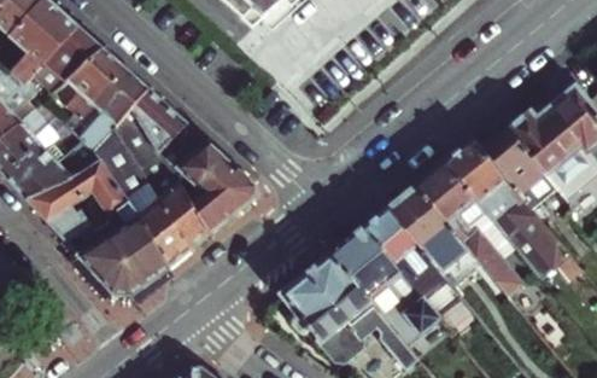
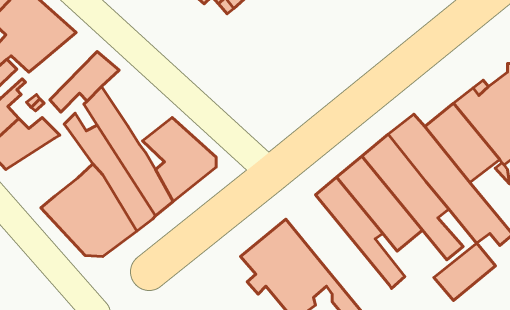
building: [63,46,124,120] -> none
building: [129,87,206,168] -> none
building: [24,151,119,238] -> none
building: [330,223,444,328] -> none
building: none -> [434,243,496,301]

